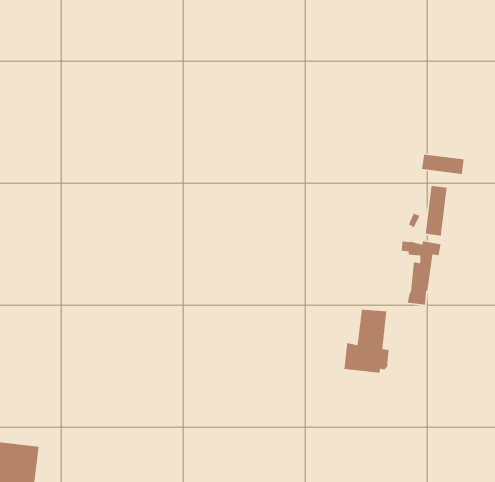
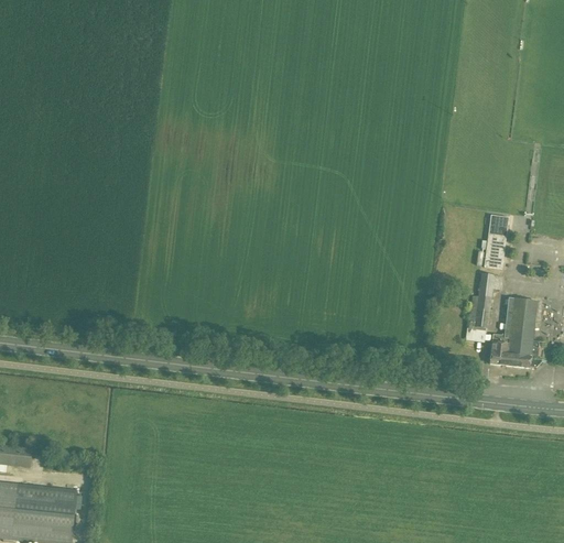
building: [421,154,465,175] -> none
building: [343,309,389,374] -> [490,297,539,366]

